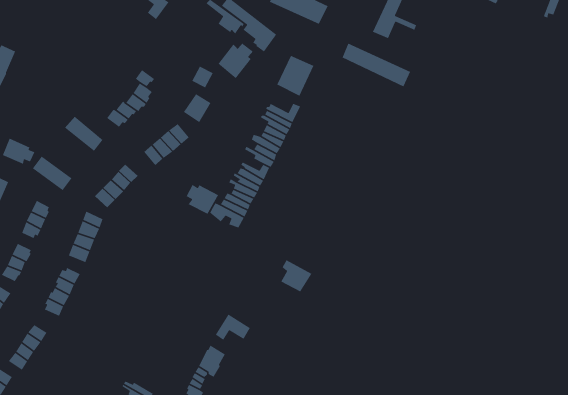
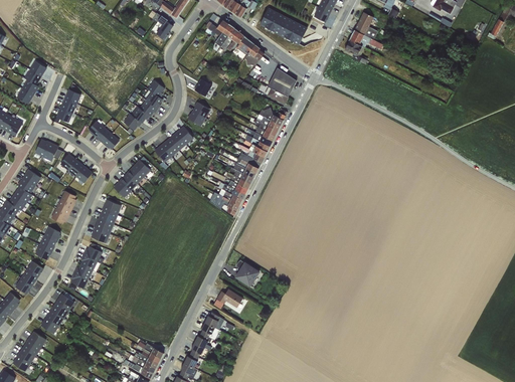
building: [217,42,254,79] -> none
building: [342,43,411,87] -> none
building: none -> [56,87,80,122]
building: [186,184,219,215] -> none
building: [280,259,313,293] -> [234,258,262,286]

